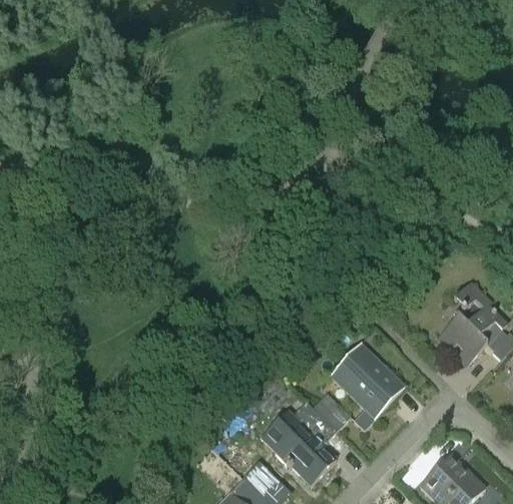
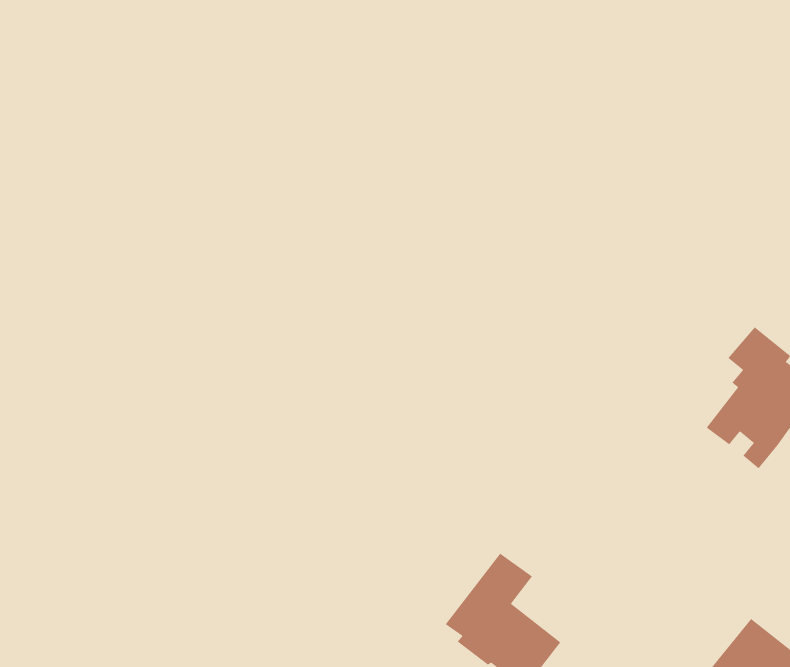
building: [328,342,406,431] -> none
building: [305,392,350,430] -> none

